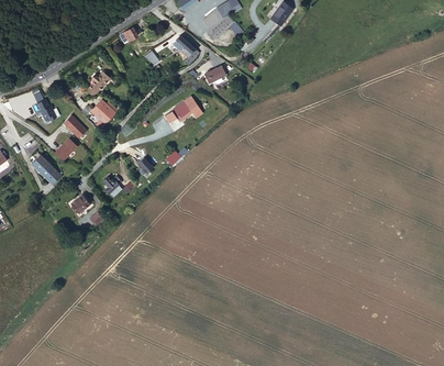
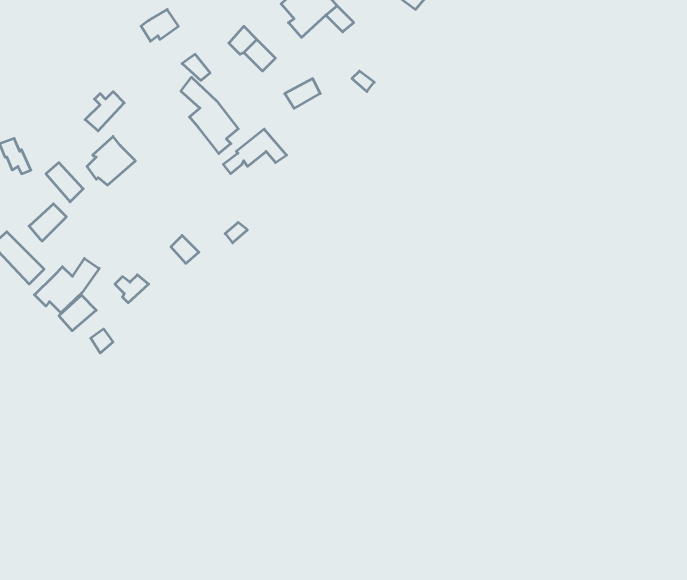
building: none -> [181,77,238,154]
building: none -> [34,258,99,313]

